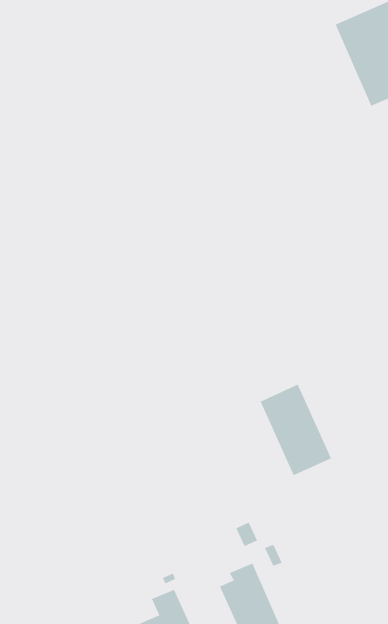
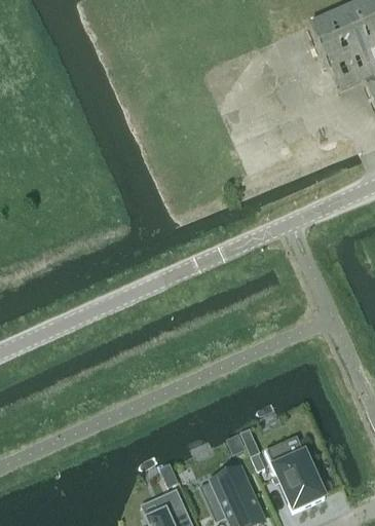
building: [260,384,332,476] -> [264,435,324,511]

